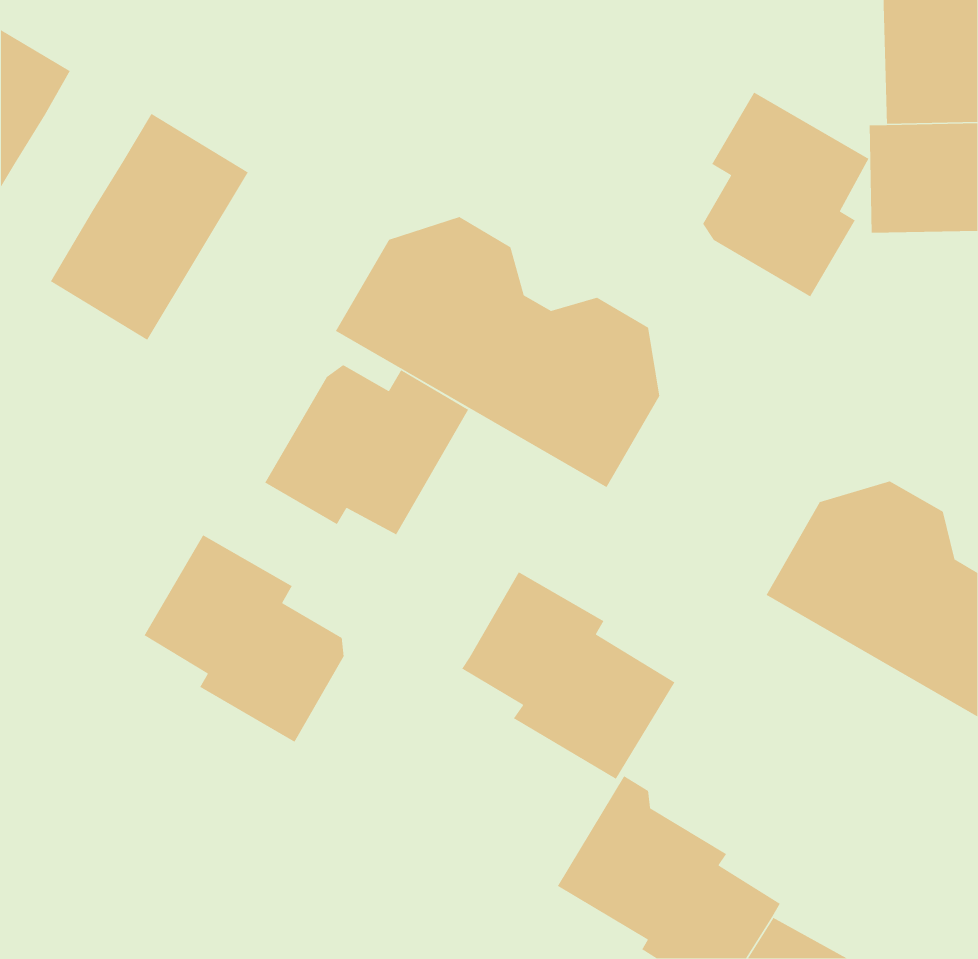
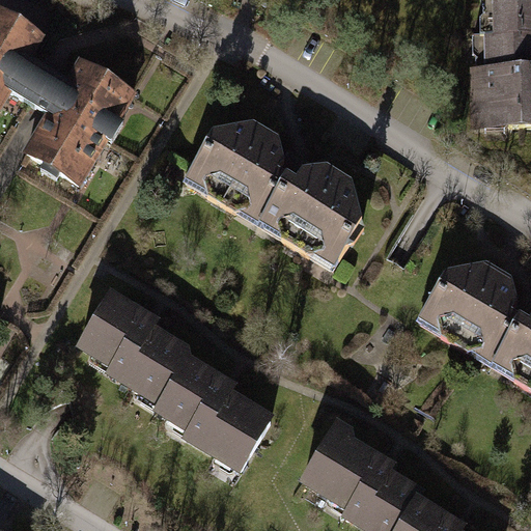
building: [702,92,870,298] -> none
building: none -> [8,62,66,114]
building: [264,364,469,535] -> none
building: [461,571,675,780] -> [156,356,272,469]

